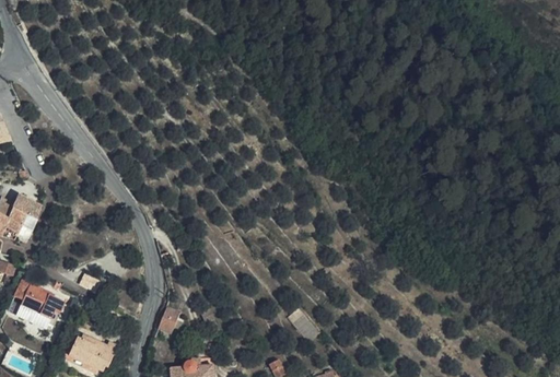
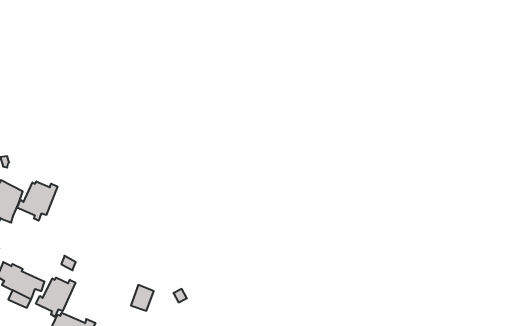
building: none -> [17,181,57,221]
building: none -> [36,278,75,317]

